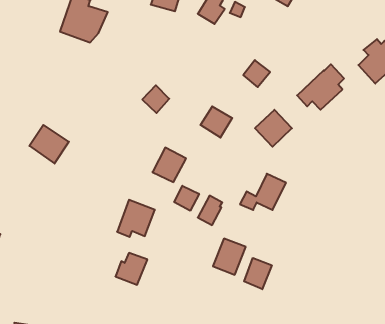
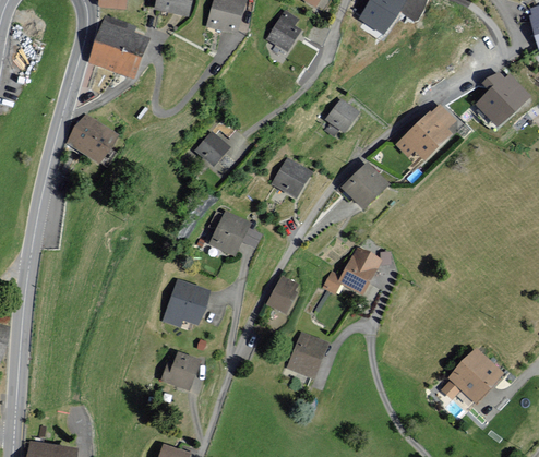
building: [29,125,69,164] -> [67,115,118,165]
building: [174,186,199,211] -> none
building: none -> [440,344,504,401]
building: [244,258,272,289] -> none

